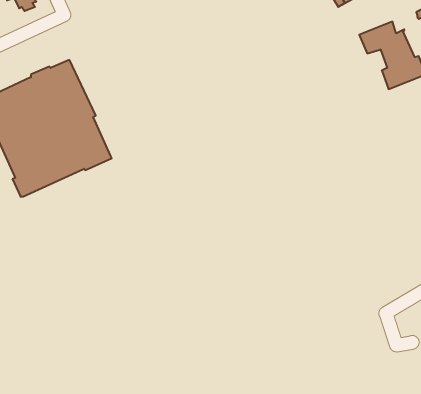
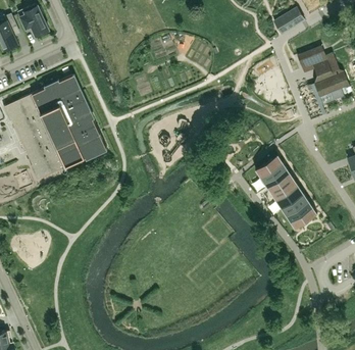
building: none -> [254,154,316,229]

